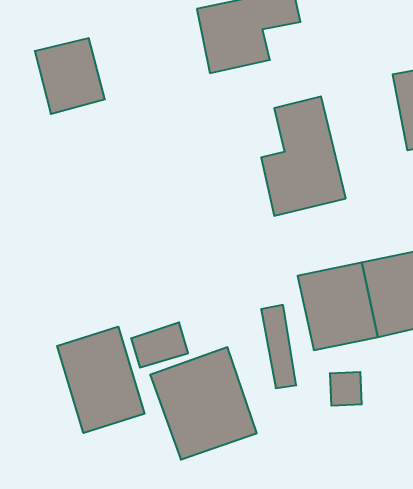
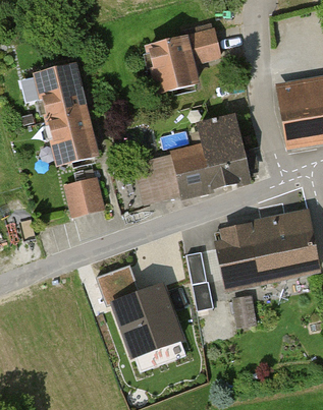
building: none -> [42,109,92,162]
building: none -> [140,150,198,201]
building: none -> [66,178,101,212]
building: [57,327,145,433] -> none

